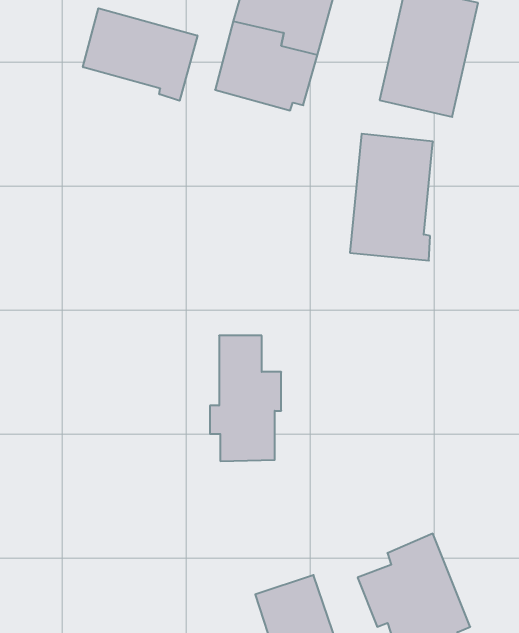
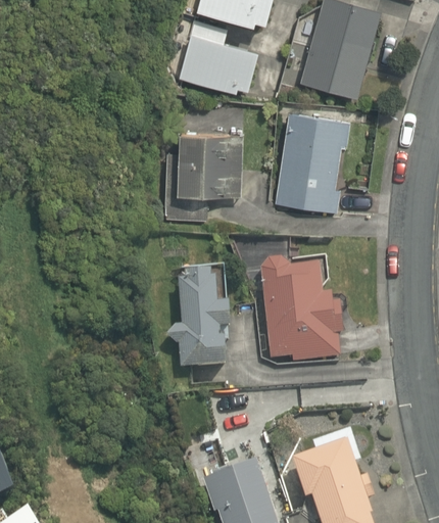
building: [83,8,197,101] -> none
building: none -> [173,130,247,225]
building: none -> [257,255,343,364]

